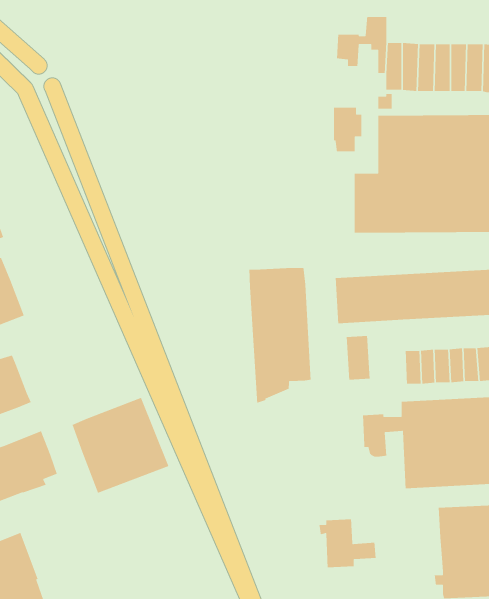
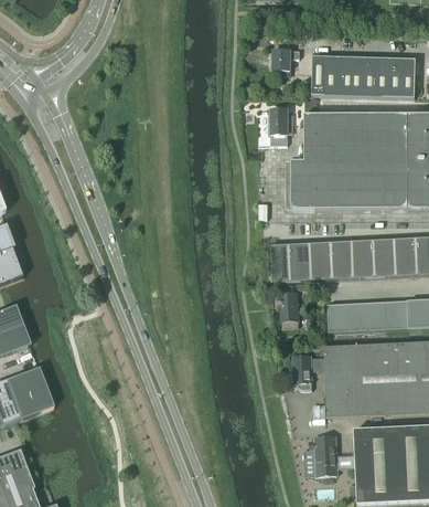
building: [249,267,312,404] -> none
building: [71,397,169,494] -> none
building: [319,519,376,568] -> [311,434,357,474]

